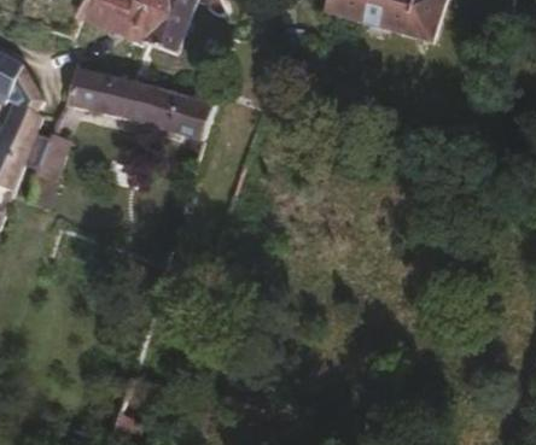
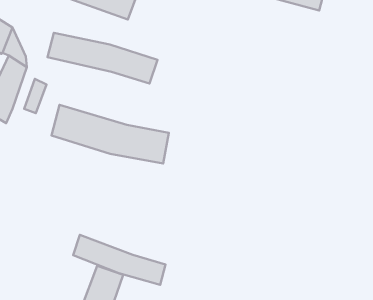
building: none -> [52,105,169,164]
building: none -> [73,235,165,285]

